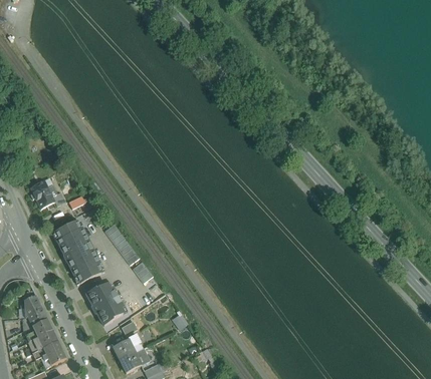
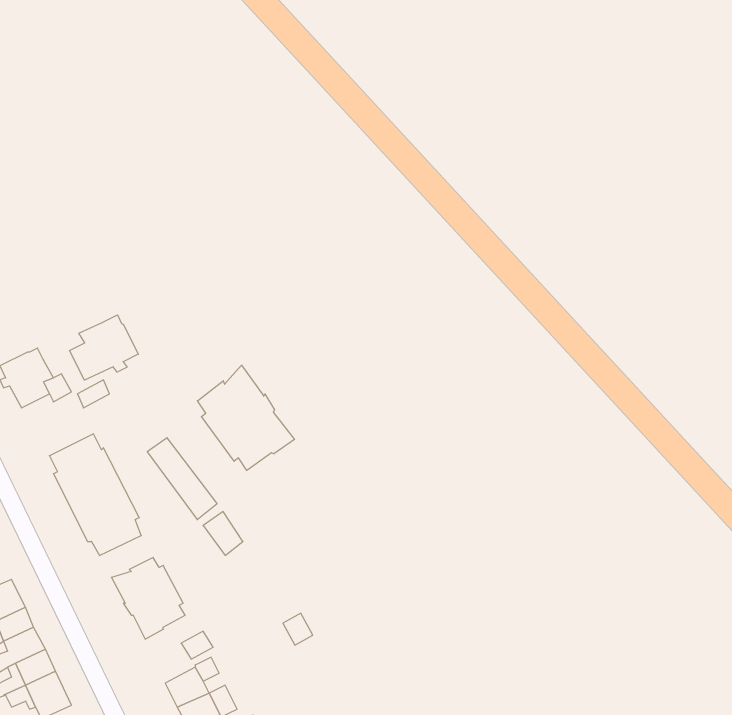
building: none -> [70,315,138,380]
building: none -> [197,365,294,470]

